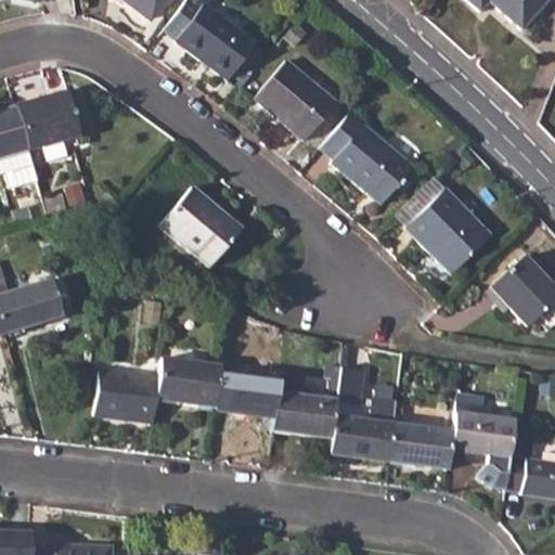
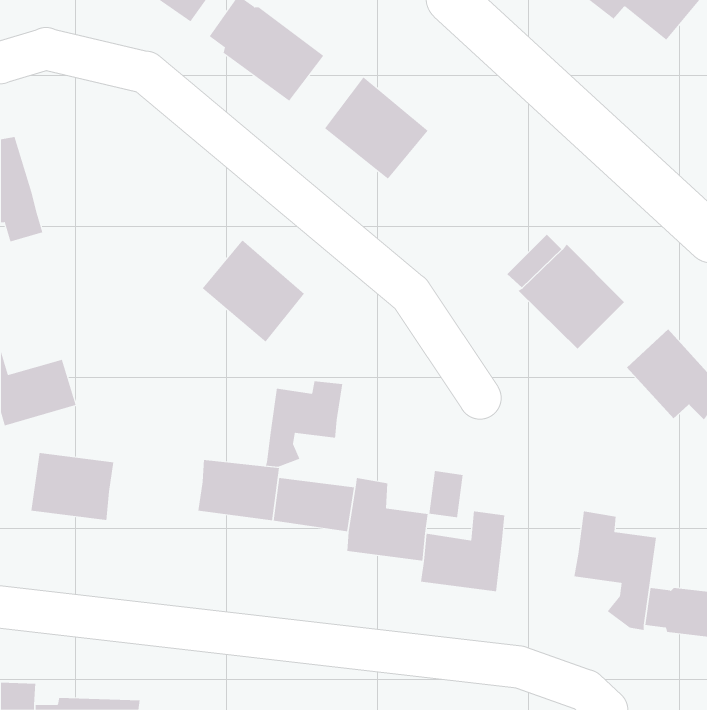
building: [15,91,79,150] -> none
building: [321,109,413,205] -> none
building: none -> [265,380,343,467]
building: [95,367,160,421] -> [31,452,114,521]
building: [390,423,453,468] -> none

